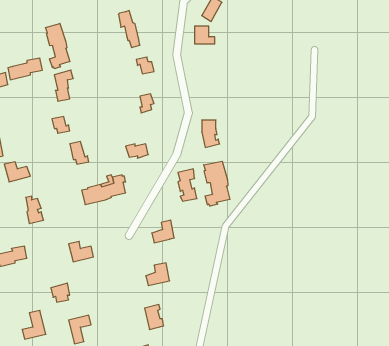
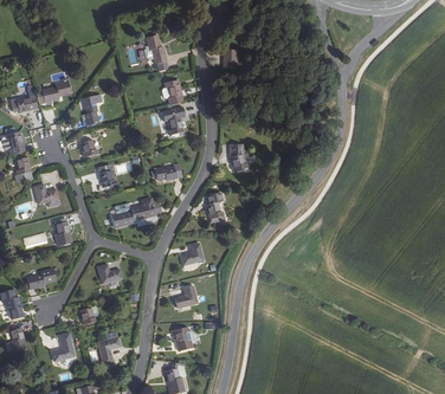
building: [46,23,70,69] -> none
building: [204,161,230,206] -> none

